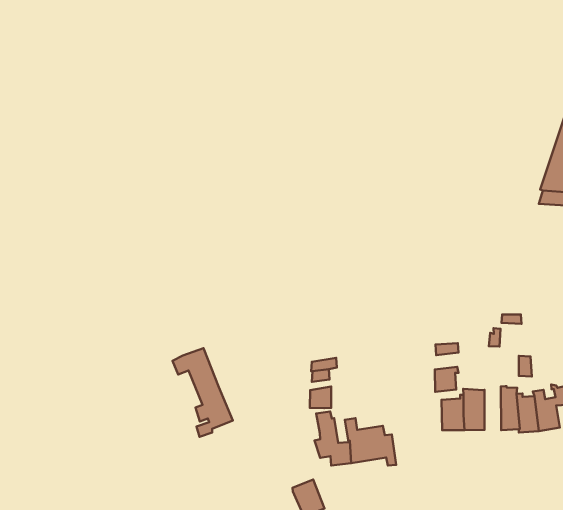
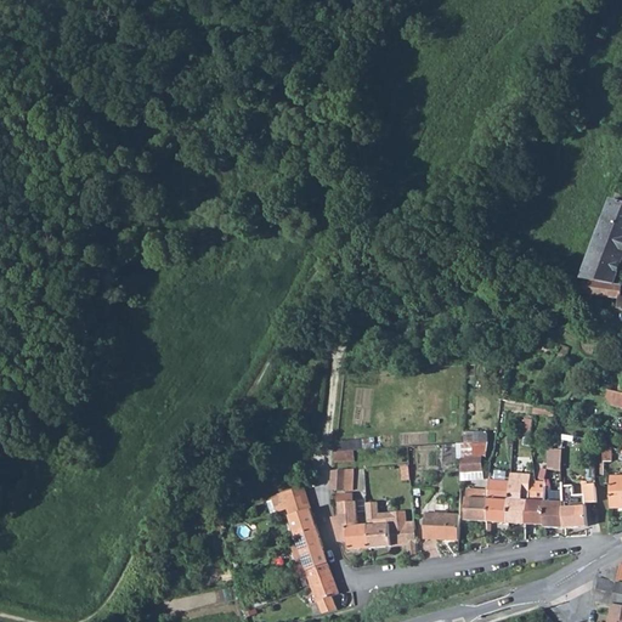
building: [172,348,233,437] -> [270,486,328,577]
building: none -> [508,473,532,524]
building: none -> [424,514,459,539]

